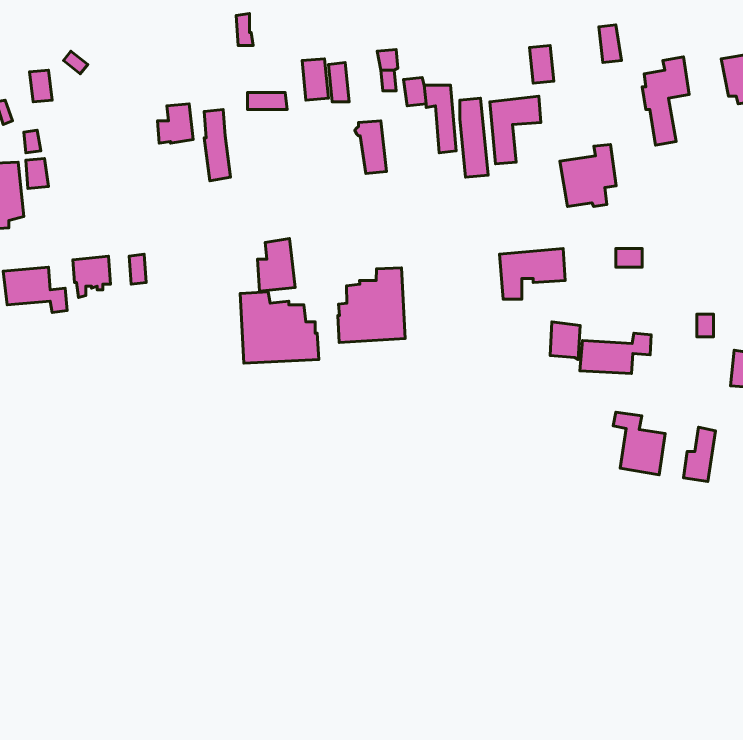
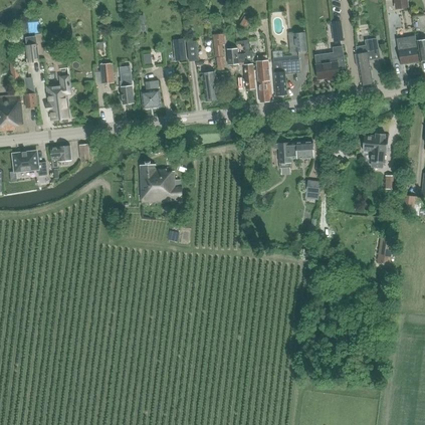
building: none -> [45,74,70,119]
building: [560,144,616,206] -> [313,45,344,78]
building: none -> [362,132,387,162]
building: [258,239,295,291] -> [141,79,161,108]
building: [338,268,405,343] -> none
building: [580,333,651,374] -> none
building: [613,412,665,475] -> none

